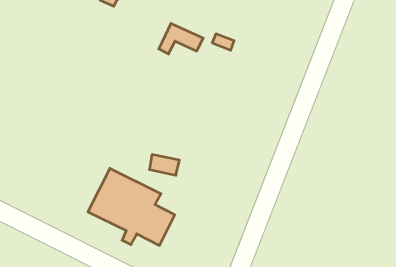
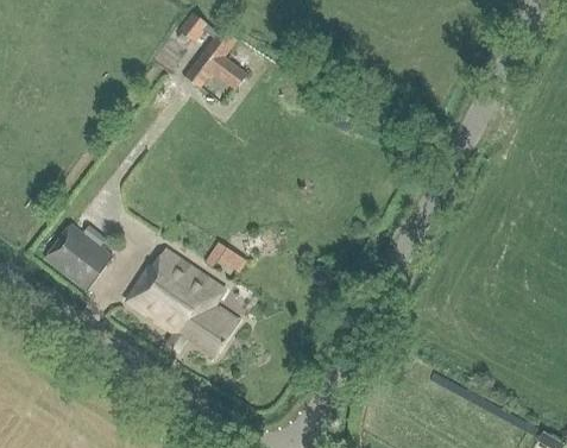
building: [159,23,203,54] -> [185,45,245,86]
building: none -> [43,222,113,291]

